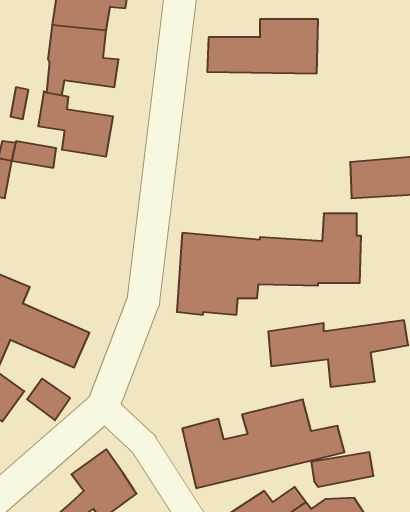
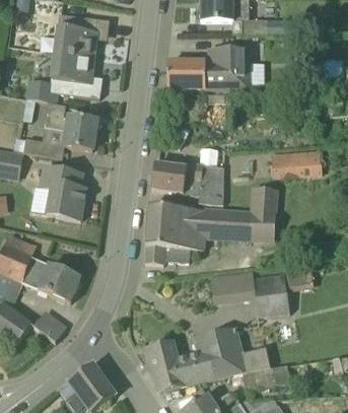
building: none -> [151,159,224,204]
building: none -> [40,166,86,220]

